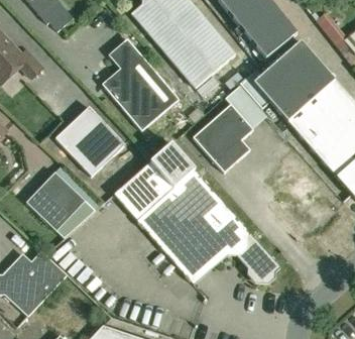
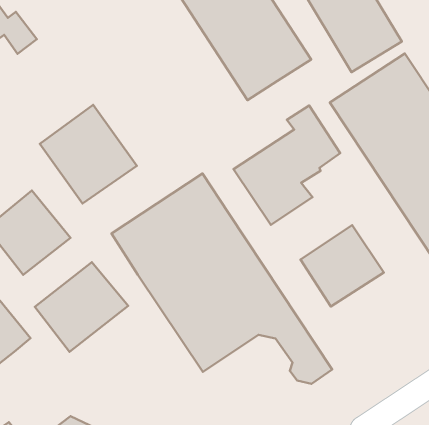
building: [103,42,179,130] -> none
building: none -> [300,225,384,307]
building: none -> [35,262,128,352]

